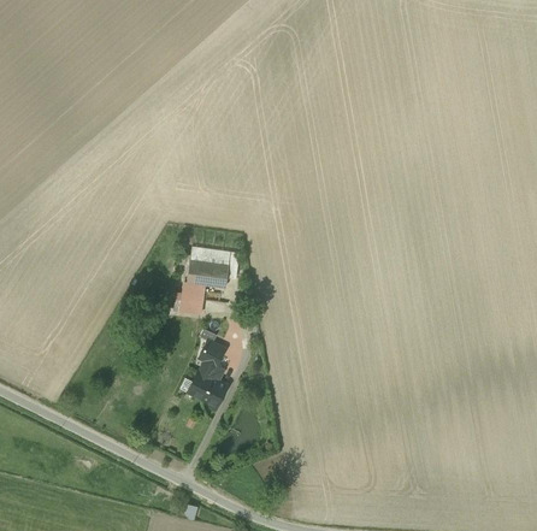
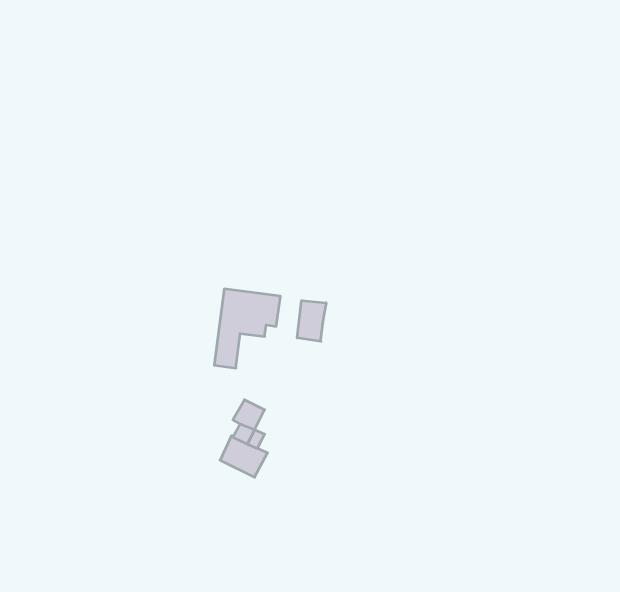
building: none -> [297,301,326,341]

